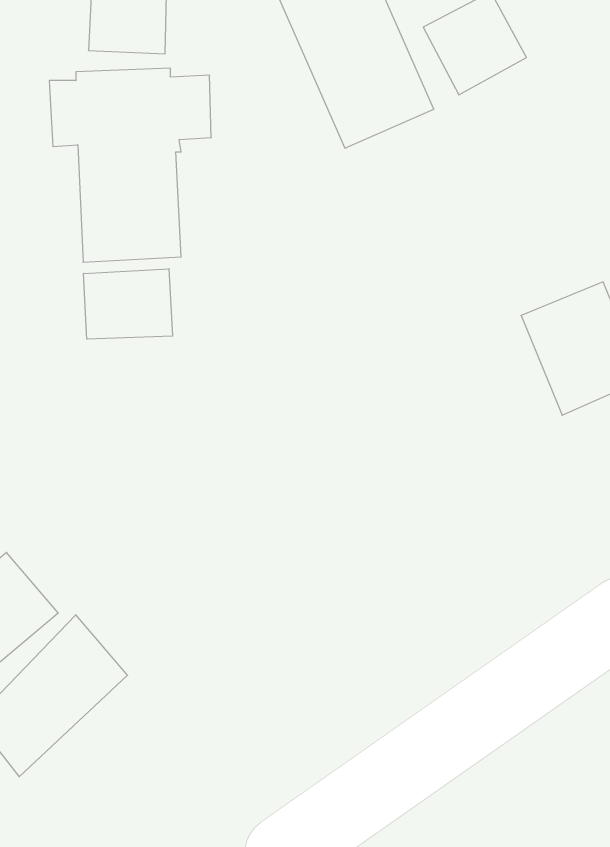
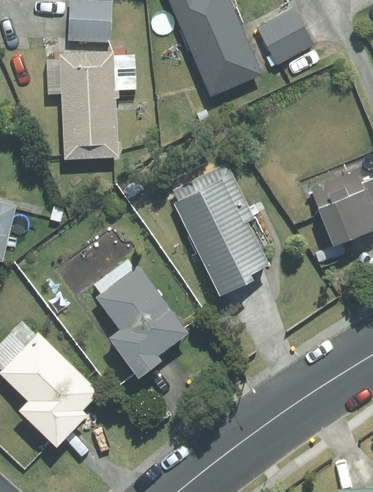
building: none -> [172,163,271,295]
building: [83,269,172,339] -> none
building: none -> [96,265,189,378]

